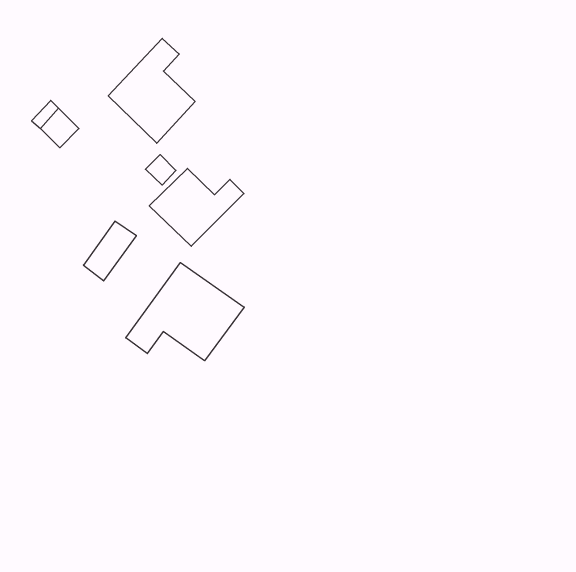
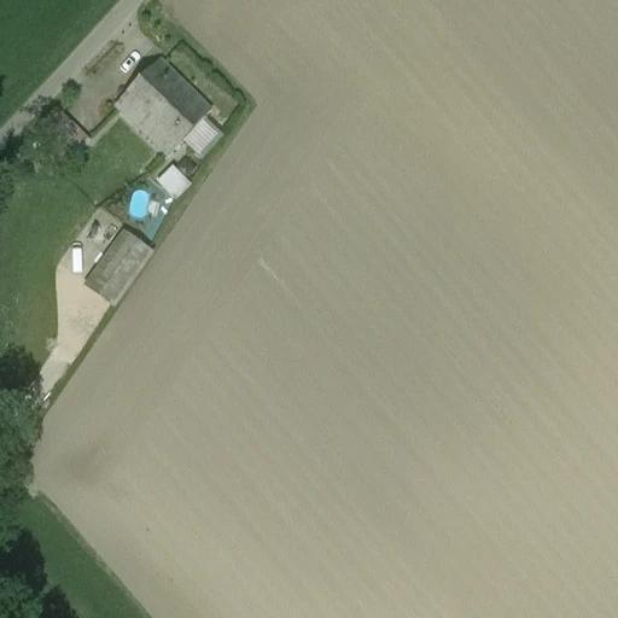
building: [149,168,244,246] -> none
building: [126,263,244,361] -> none

